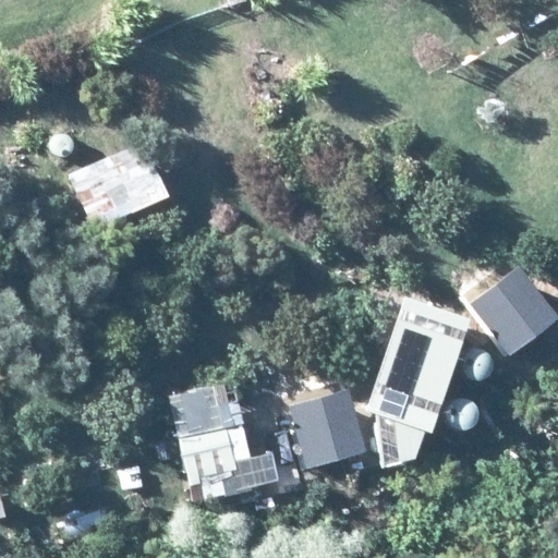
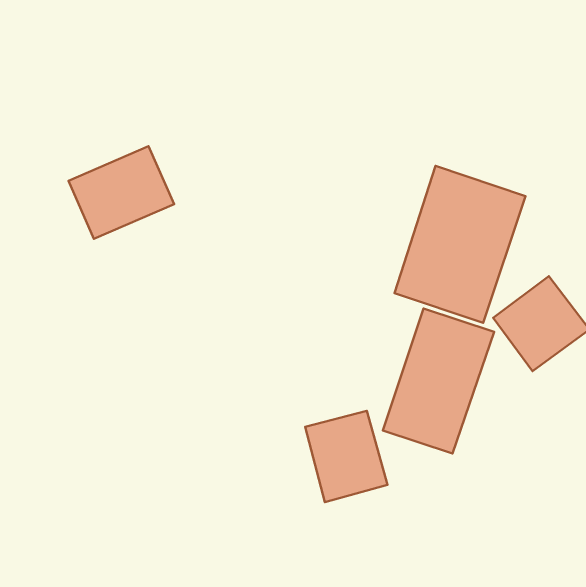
building: none -> [395,166,525,323]
building: [167,386,256,508] -> none

